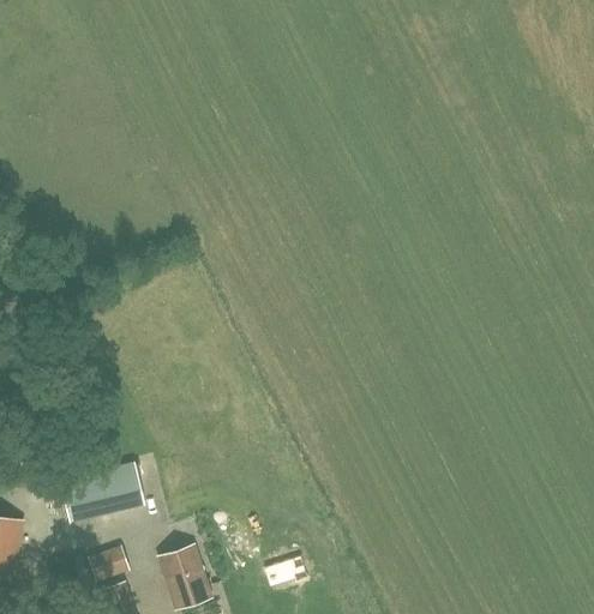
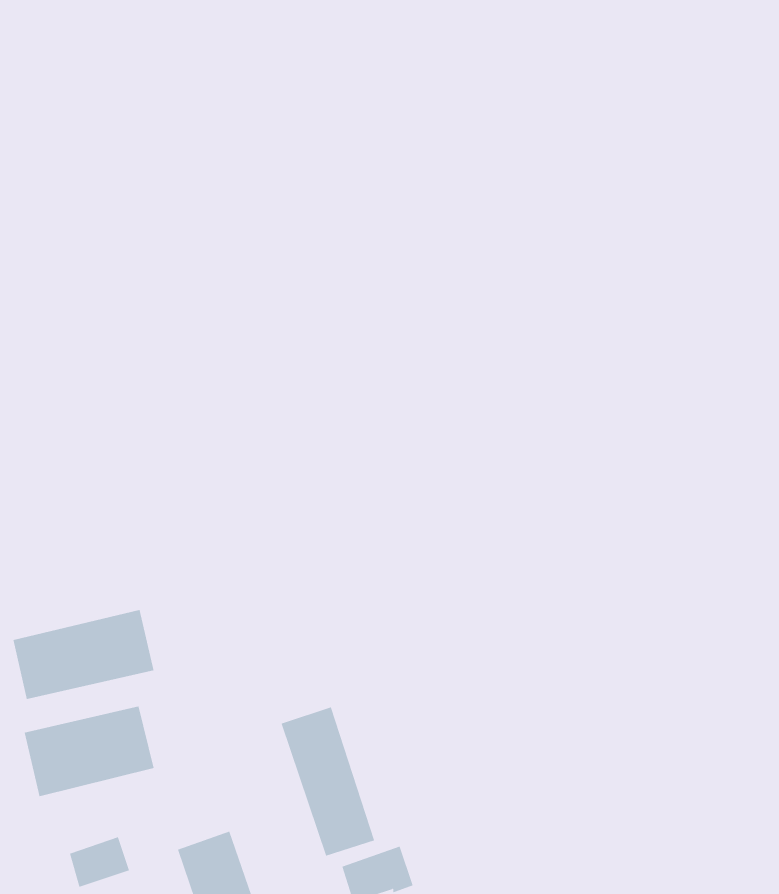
building: none -> [13,609,154,700]
building: none -> [281,706,375,857]

